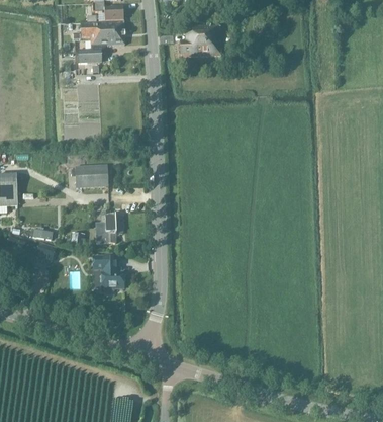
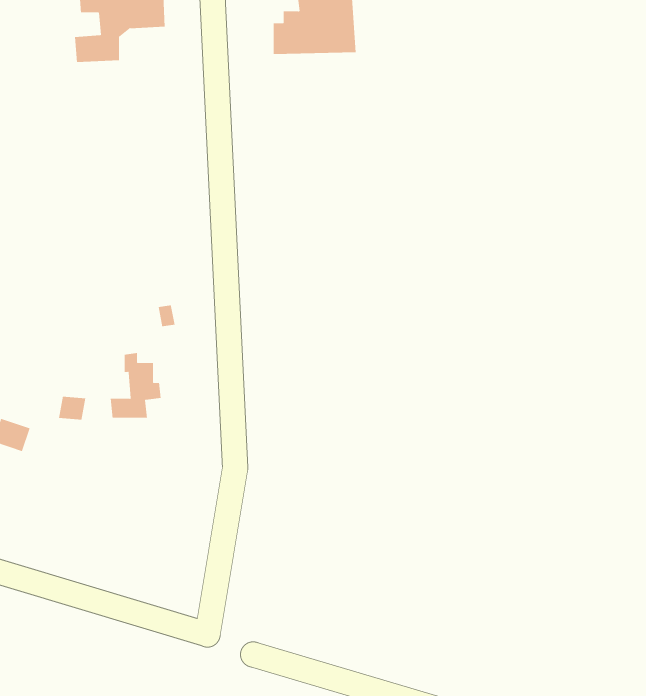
building: [75,164,108,187] -> none
building: [93,255,122,292] -> none

